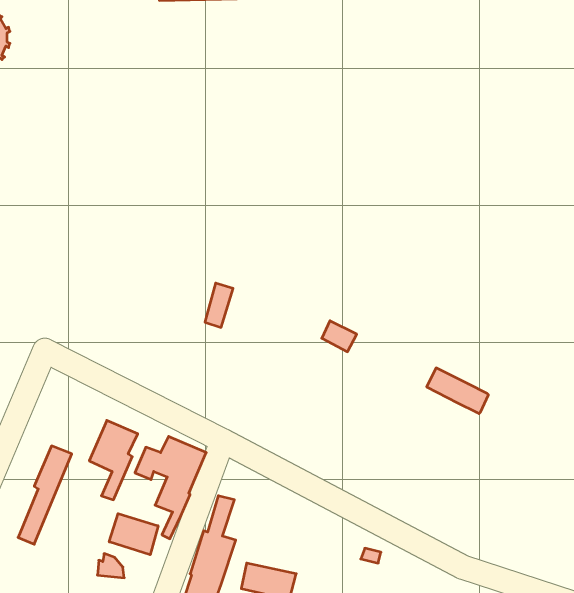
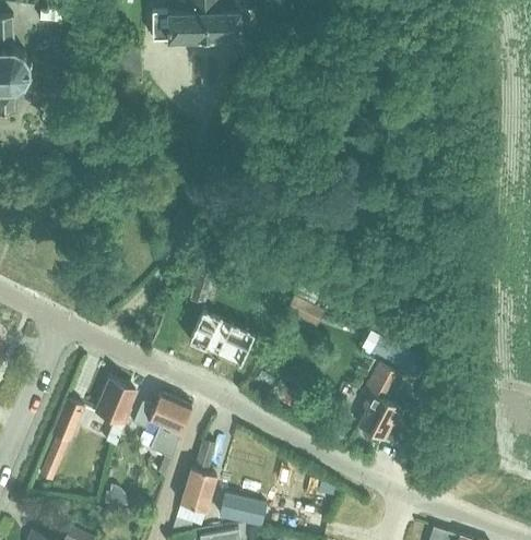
building: none -> [187,310,255,367]
building: none -> [359,363,416,445]
building: [109,514,158,555] -> none

